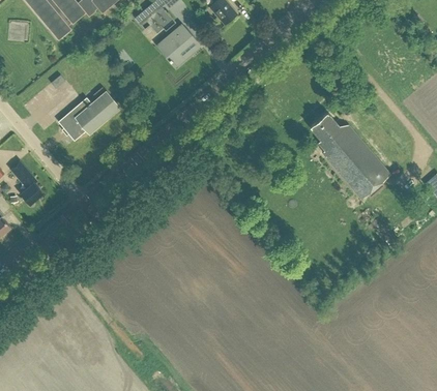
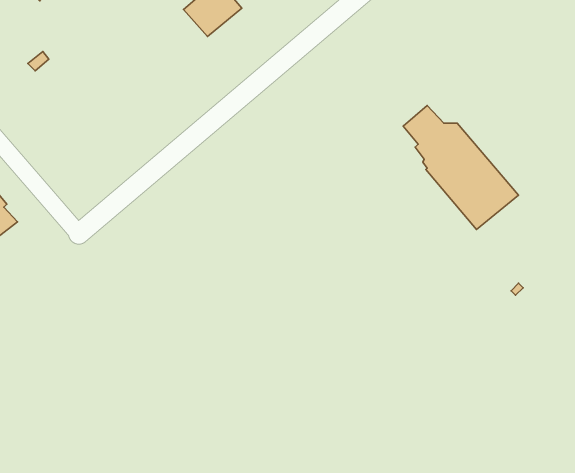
building: [58,91,119,140] -> none

